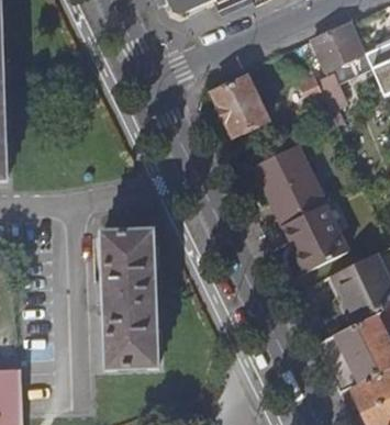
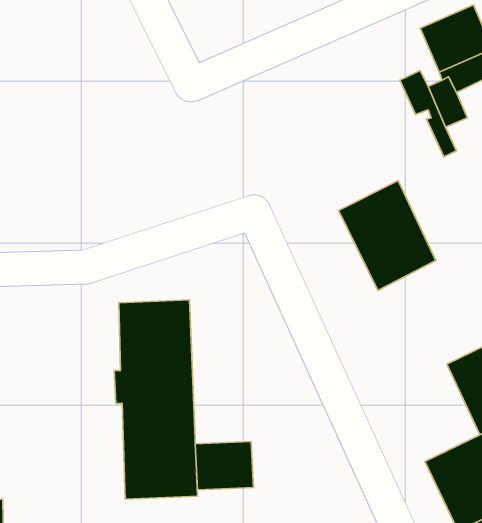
building: [212,76,268,136] -> none
building: [285,203,349,270] -> none
building: none -> [195,442,253,490]

